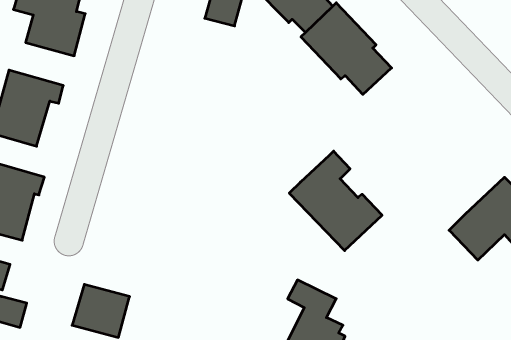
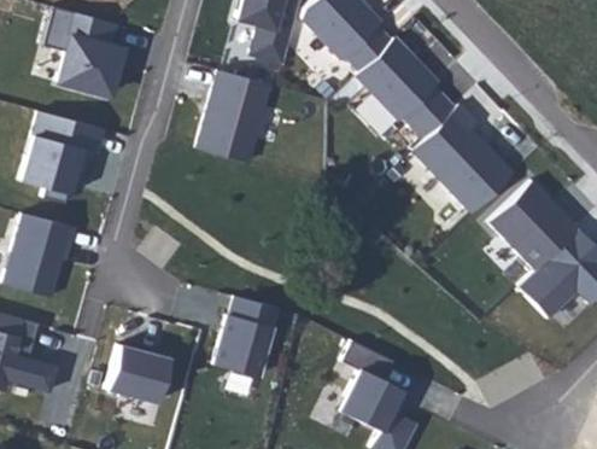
building: none -> [198,70,270,163]
building: none -> [488,180,578,269]
building: [289,151,382,251] -> [411,104,513,212]
building: none -> [213,296,277,377]

